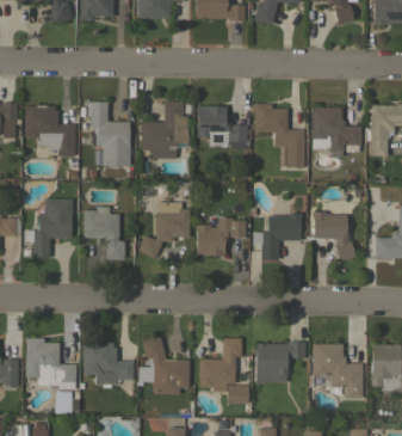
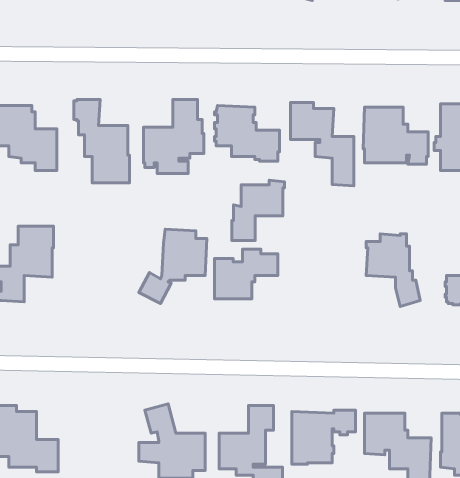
building: [85,207,125,260] -> none
building: [261,213,302,259] -> [232,180,284,240]
building: [84,343,134,388] -> none

